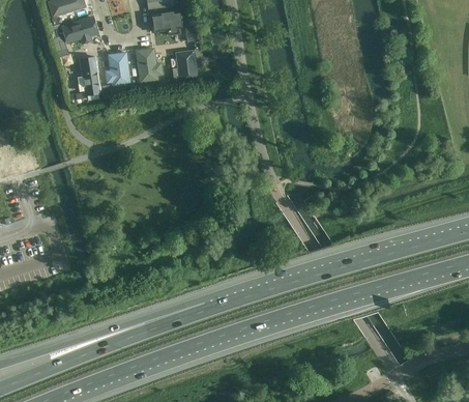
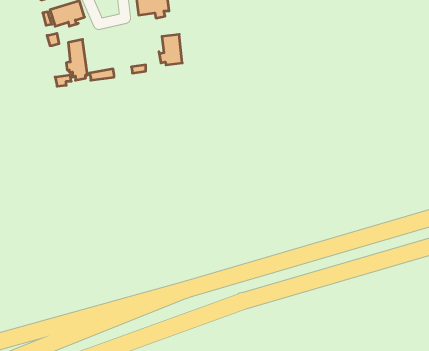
building: [136,48,160,82] -> none
building: [105,53,128,86] -> none

